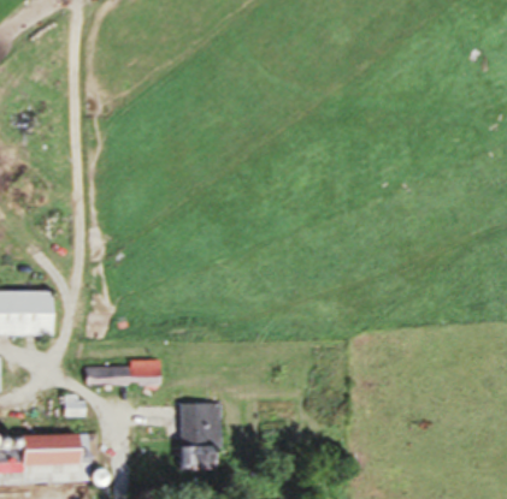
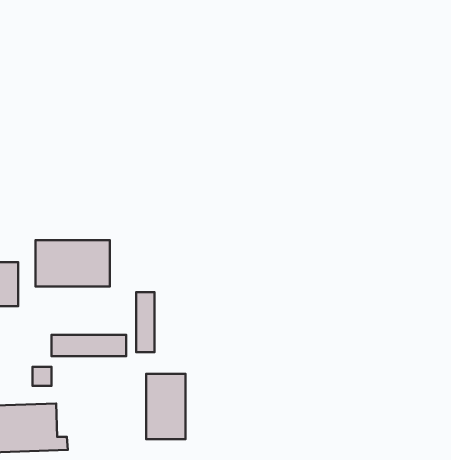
building: none -> [35,240,110,287]
building: none -> [136,292,155,352]

